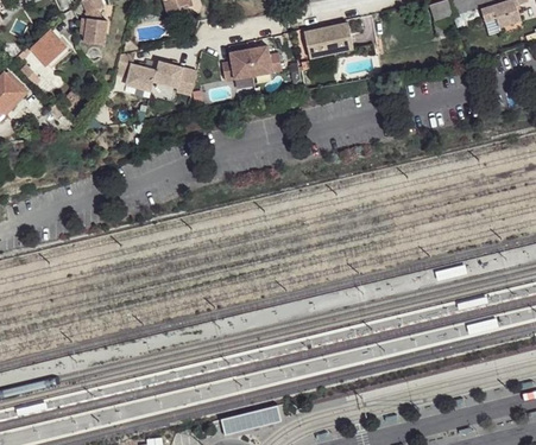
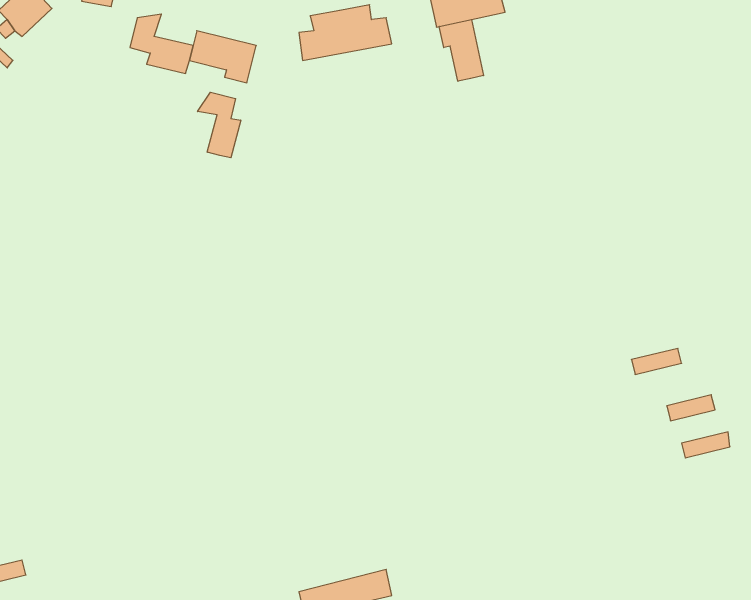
building: none -> [439,20,484,81]
building: none -> [198,92,241,158]

